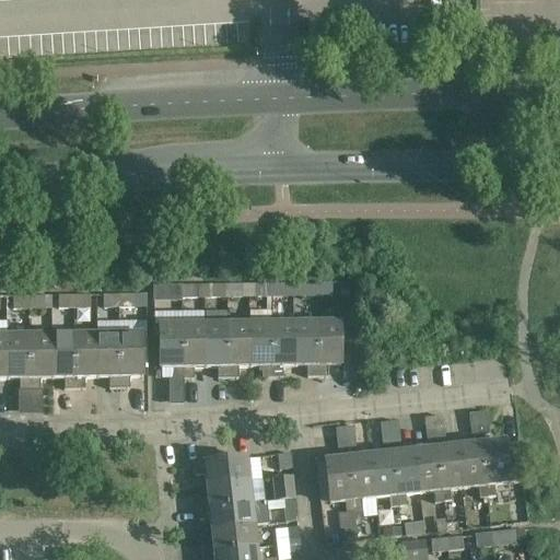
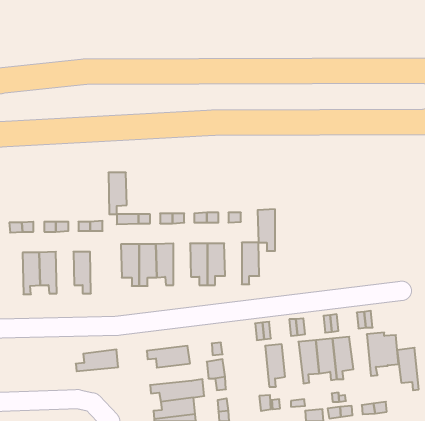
building: [295,318,318,373] -> [258,209,275,251]
building: [229,319,252,374] -> none
building: [74,330,98,385] -> none
building: [119,330,143,385] -> [108,173,127,214]
building: [8,331,32,386] -> none
building: [459,439,488,494] -> [397,348,419,390]
building: [371,448,399,504] -> none
building: [326,454,354,509] -> none
building: [197,477,253,505] -> [76,350,118,371]

